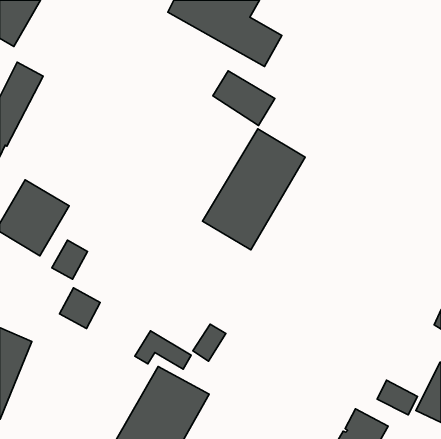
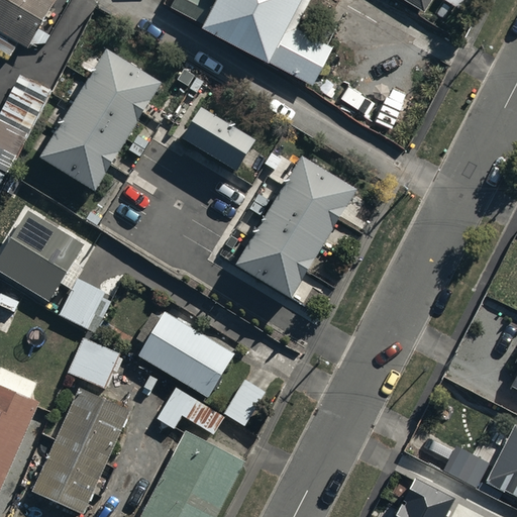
building: none -> [40,47,163,190]
building: [213,71,275,125] -> [183,106,255,170]
building: none -> [142,317,230,395]
building: none -> [29,386,131,510]

